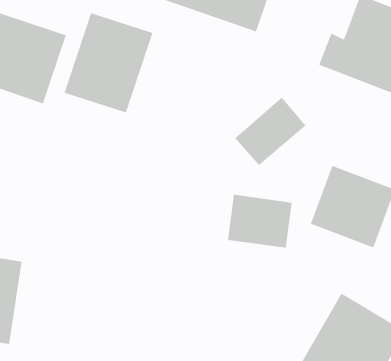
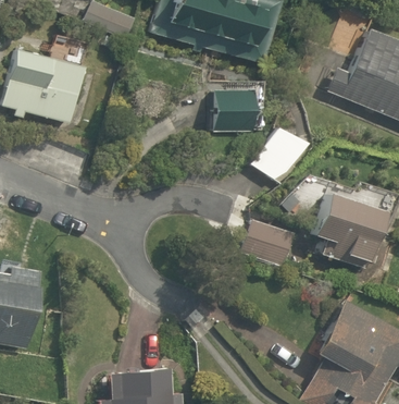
building: [64,12,153,113] -> none
building: none -> [208,82,263,131]

